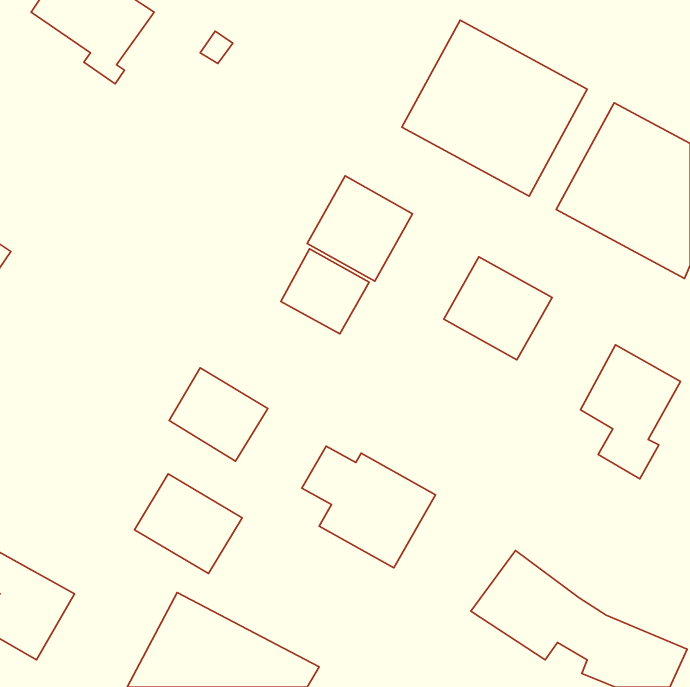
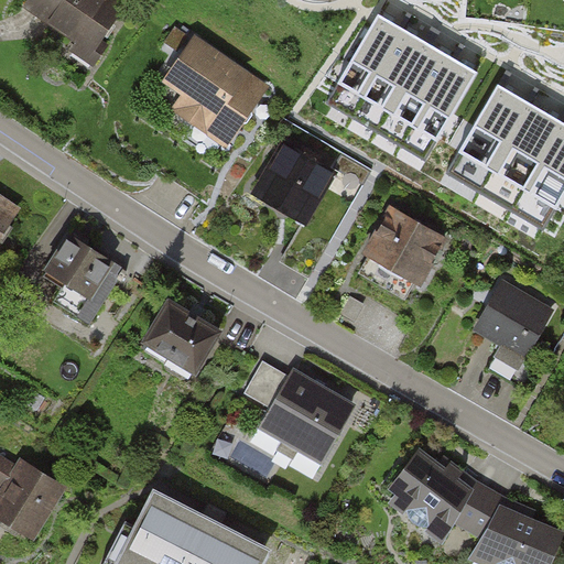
building: none -> [161,35,269,148]
building: [281,249,369,334] -> none
building: none -> [40,232,122,325]
building: [135,474,242,574] -> none

